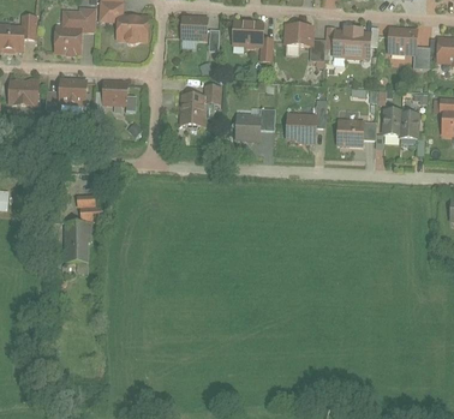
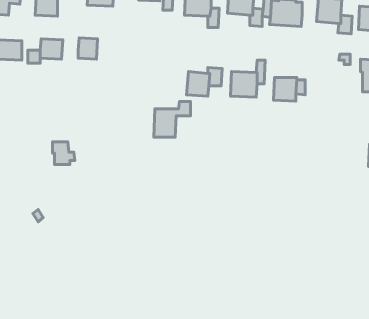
building: [180,78,223,120] -> [154,102,191,137]
building: [380,109,418,140] -> none
building: [67,226,90,265] -> none

